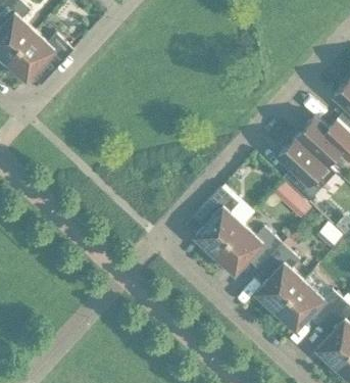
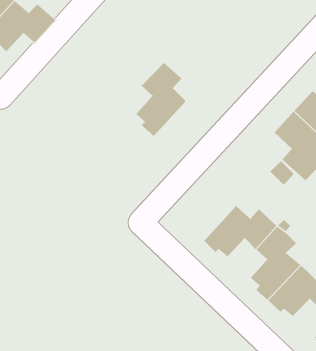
building: [195,188,243,258] -> [136,62,186,137]

